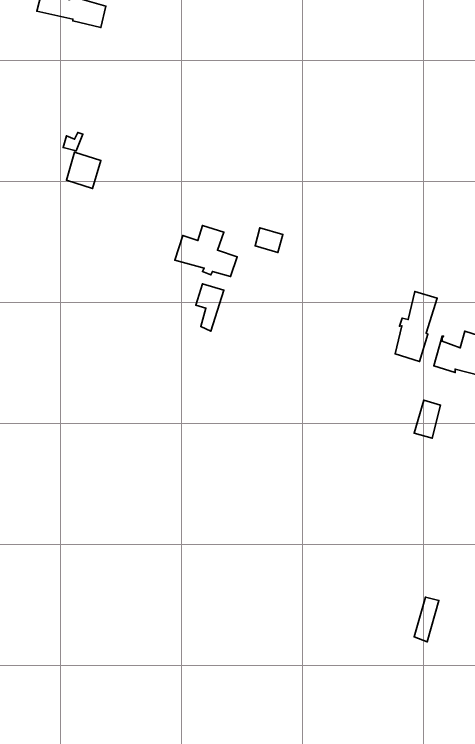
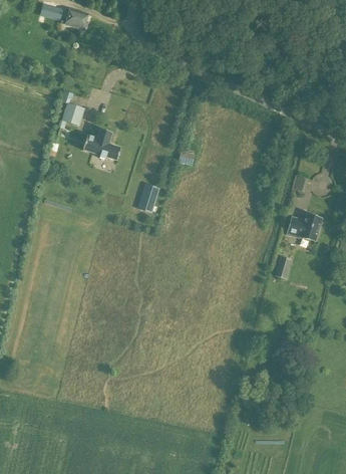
building: [175,226,237,276] -> [82,129,120,160]
building: [395,291,437,361] -> none

